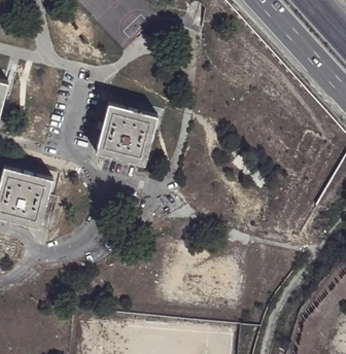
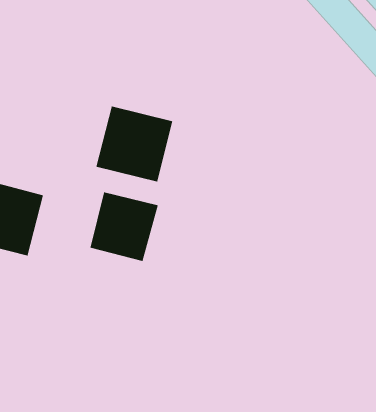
building: none -> [90,192,158,262]

